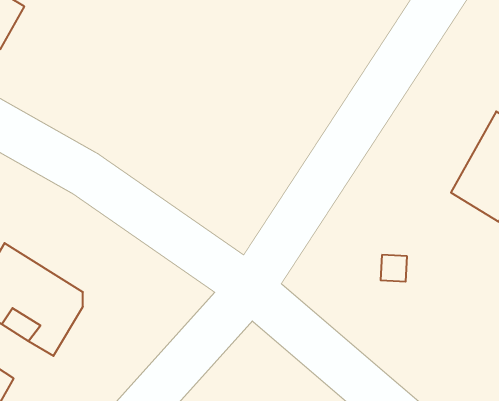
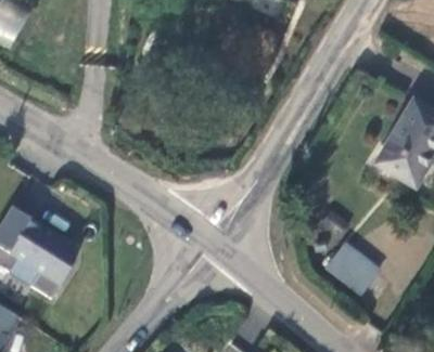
building: none -> [328,246,379,292]

